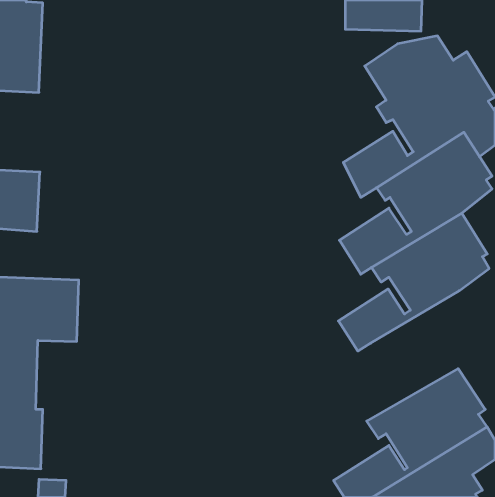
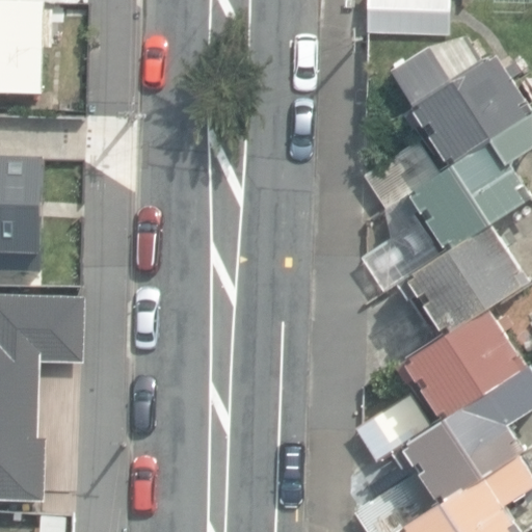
building: none -> [357,311,522,460]

